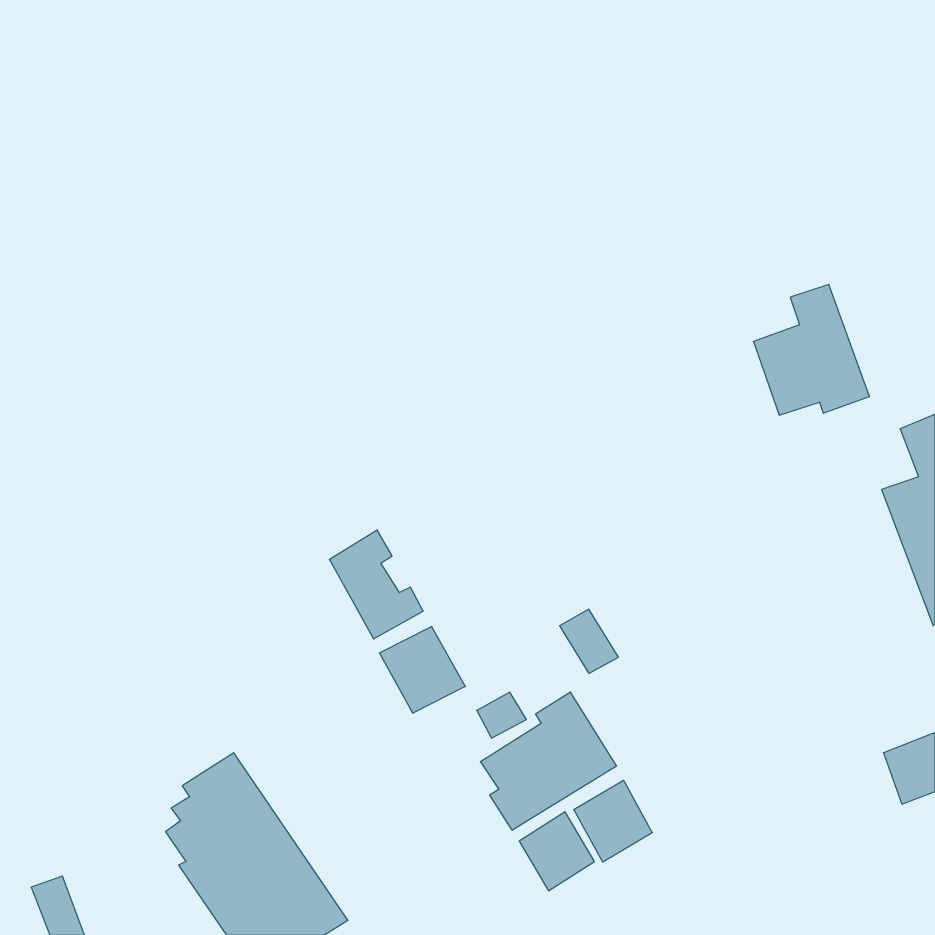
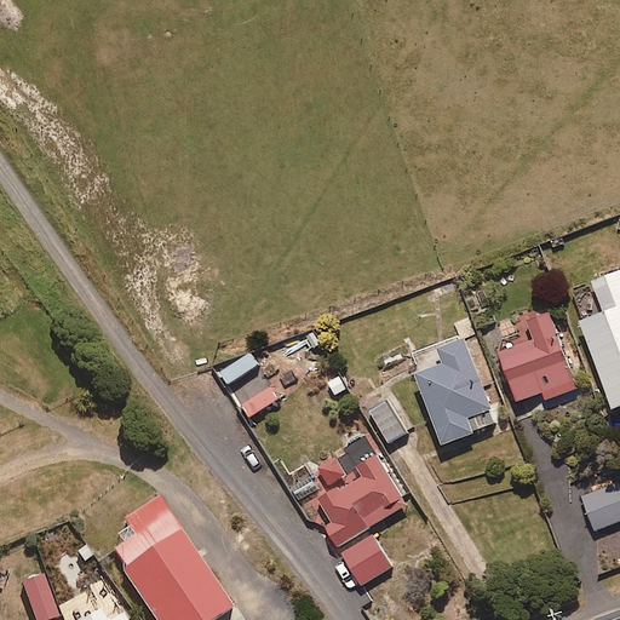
building: [753,284,869,415] -> [500,315,576,401]
building: none -> [415,339,500,447]
building: [379,626,465,713] -> none
building: [574,780,652,862] -> none

